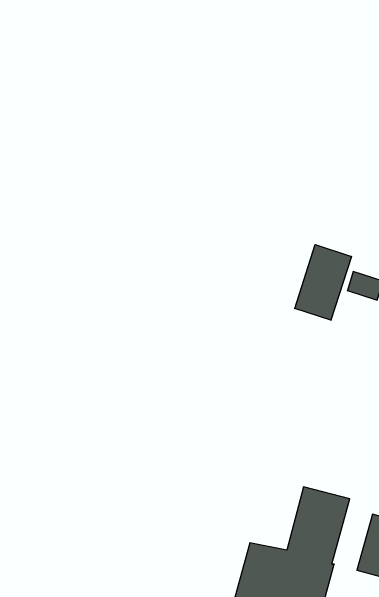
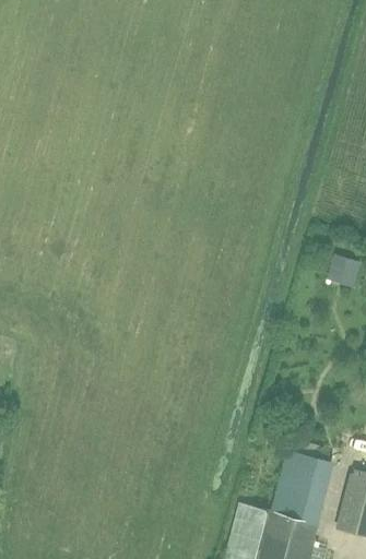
building: [295,245,351,320] -> none

